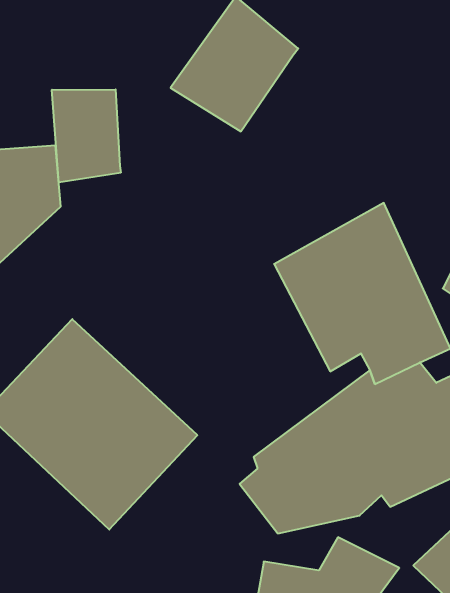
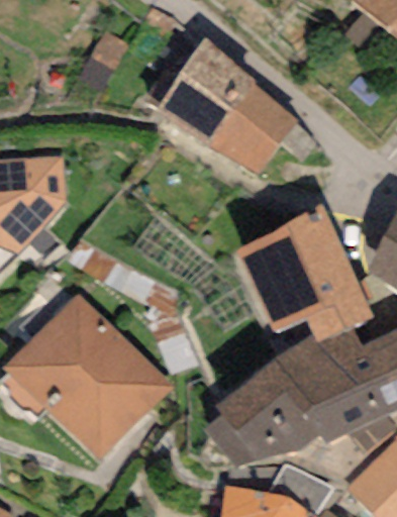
building: none -> [208,85,298,176]
building: [52,89,121,183] -> none

